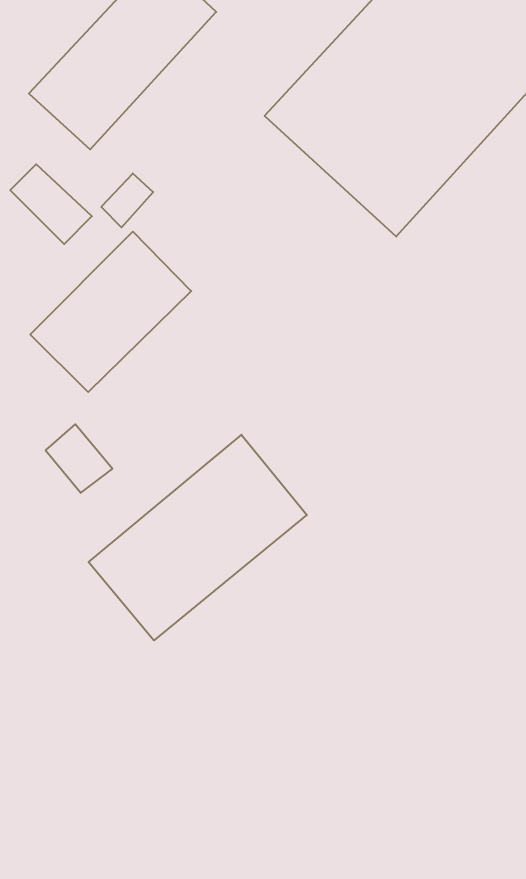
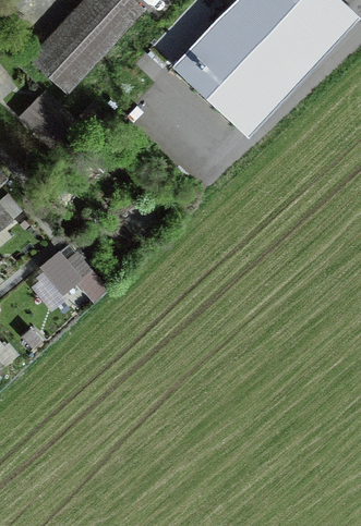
building: [30,232,191,392] -> none
building: [89,435,307,640] -> none

